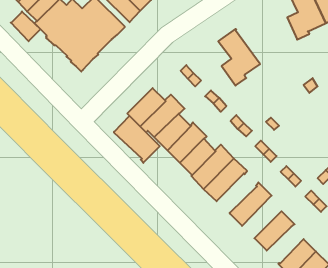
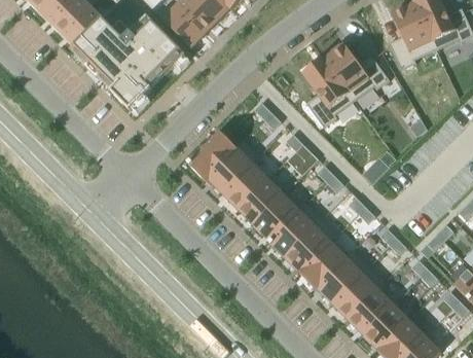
building: [11,11,41,41] -> none
building: none -> [324,44,390,102]
building: [114,116,160,163] -> none
building: none -> [300,239,351,290]
building: none -> [332,266,386,320]
building: none -> [363,306,409,352]

